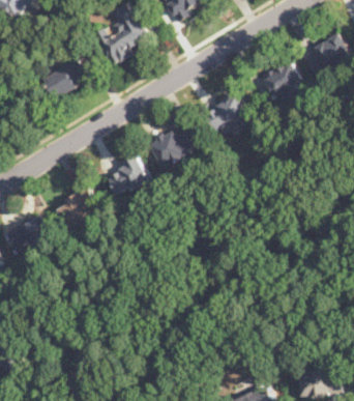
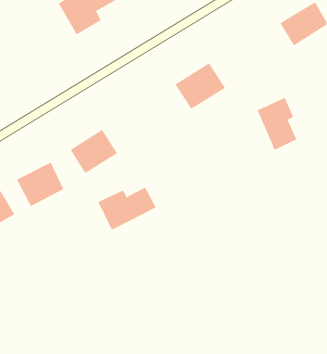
building: [42,58,90,96] -> none
building: [263,61,301,112] -> [257,97,297,151]
building: [147,126,203,168] -> [97,187,156,230]

